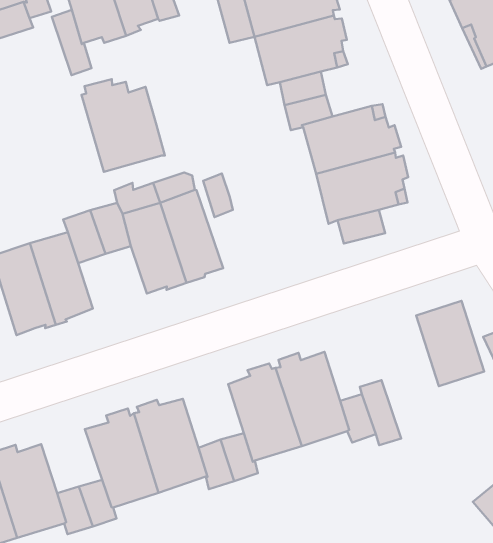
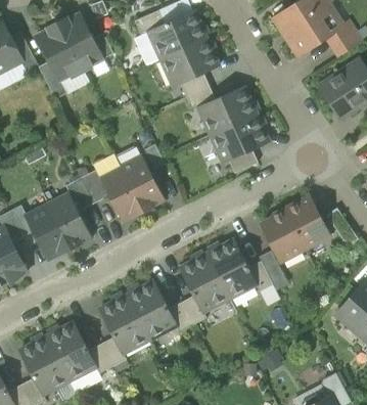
building: [81,79,165,172] -> none
building: none -> [261,209,305,261]

